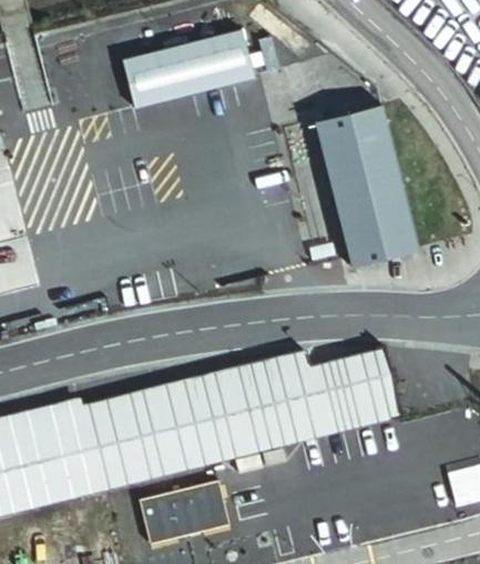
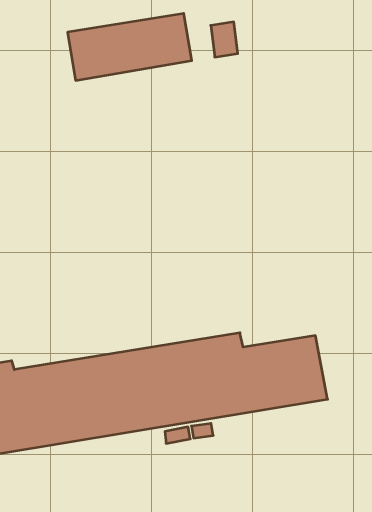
building: [315,109,417,268] -> none
building: [142,480,232,542] -> none

